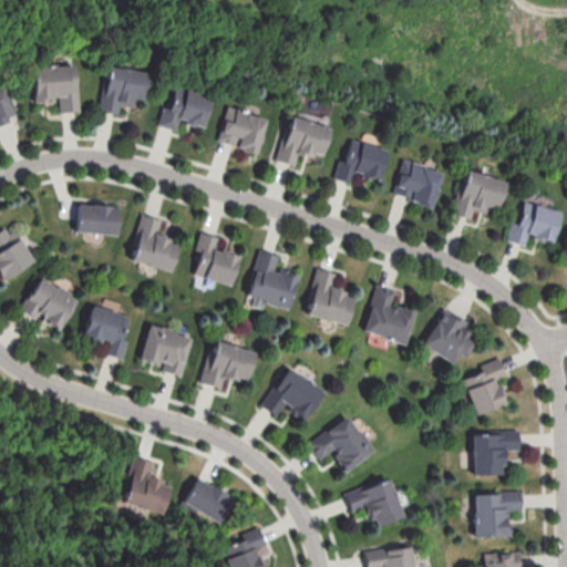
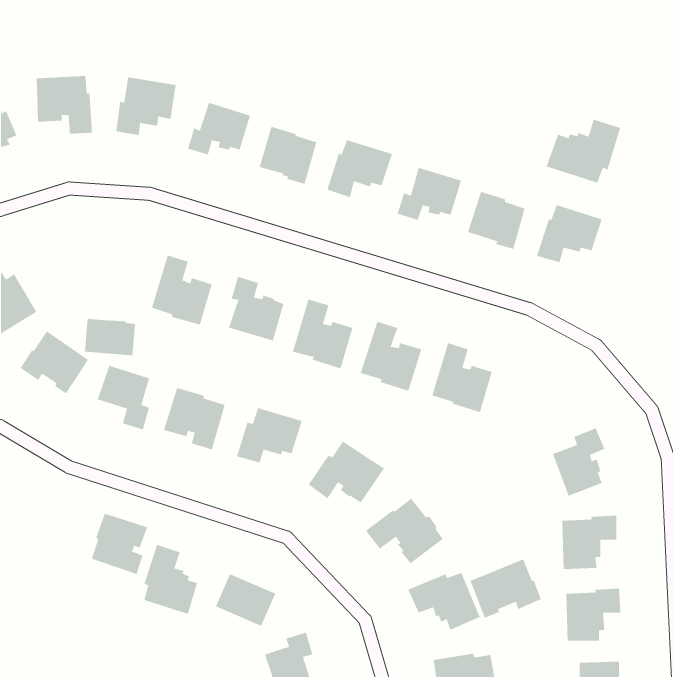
building: none -> [546,119,621,184]
building: [508,203,561,247] -> none
building: [78,204,121,235] -> [84,319,136,356]
building: [423,308,476,364] -> none
building: none -> [91,513,148,575]
building: none -> [470,558,541,618]

